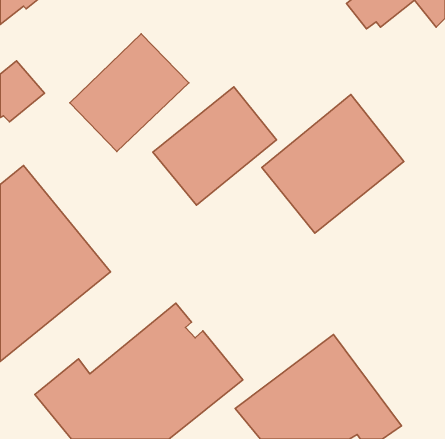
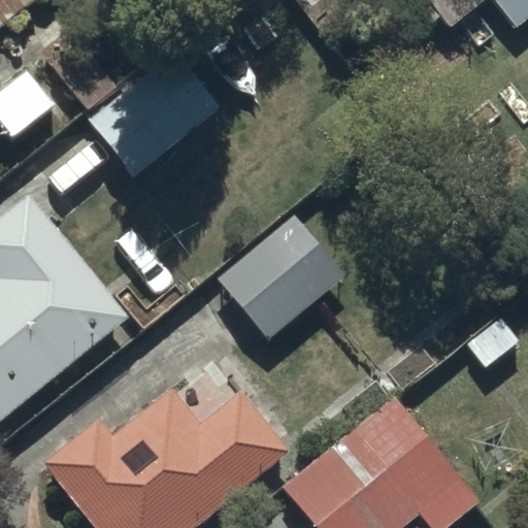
building: [153,87,277,205] -> [212,204,359,344]
building: [262,95,404,233] -> none

